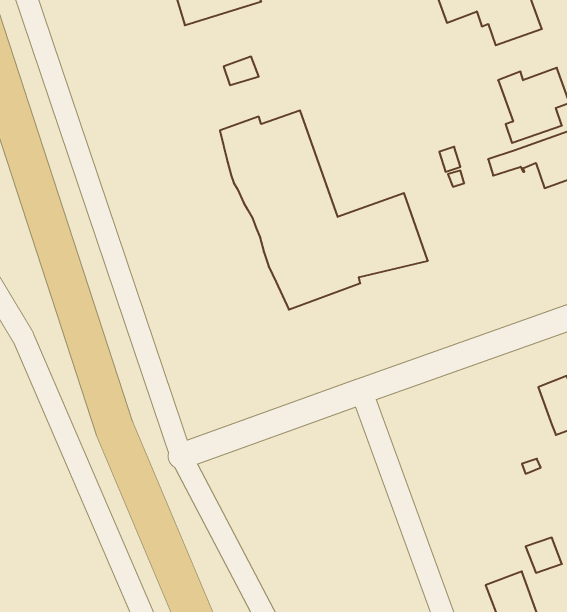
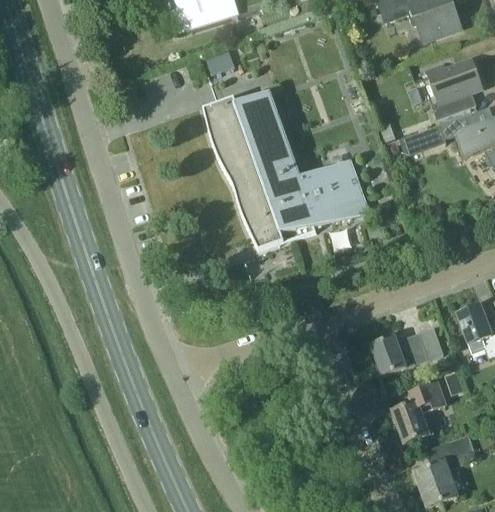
building: none -> [372,327,444,374]
building: none -> [394,382,445,442]

